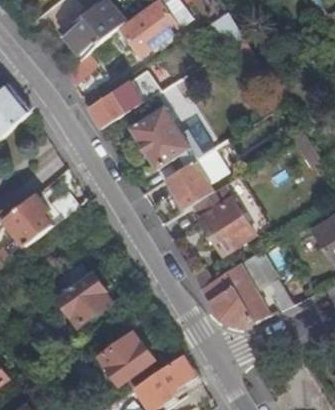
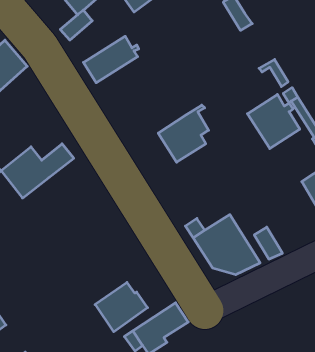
building: [130,107,193,180] -> none
building: [200,198,254,254] -> [247,94,300,149]
building: [49,263,110,327] -> none

